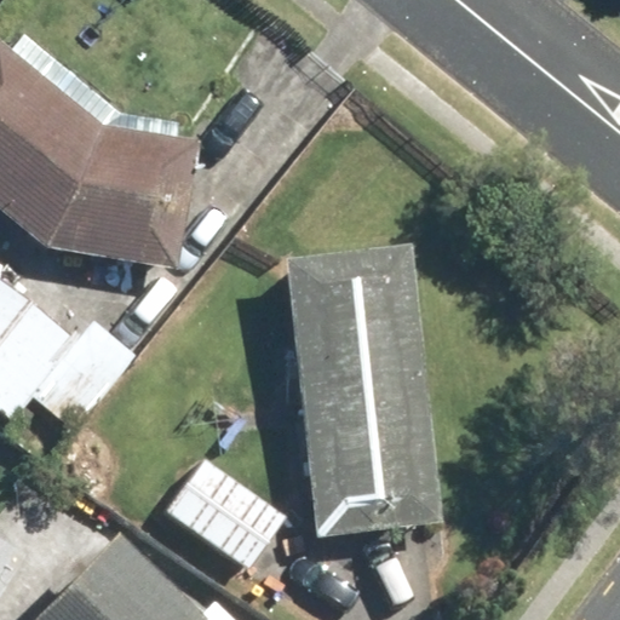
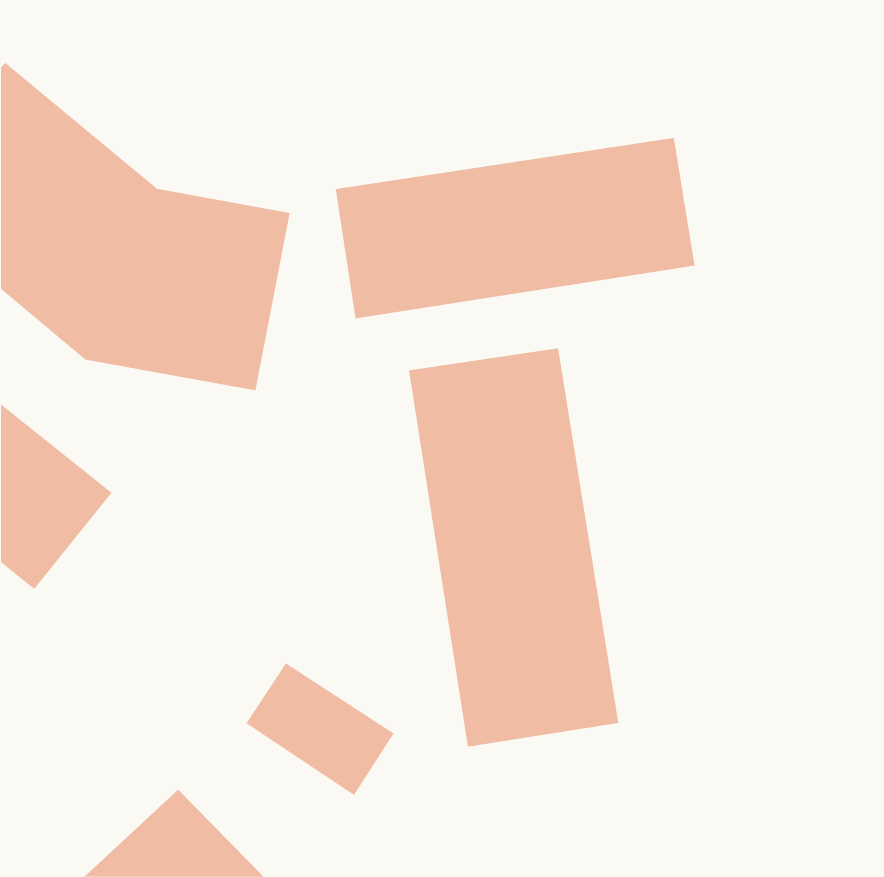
building: none -> [335,137,695,319]

